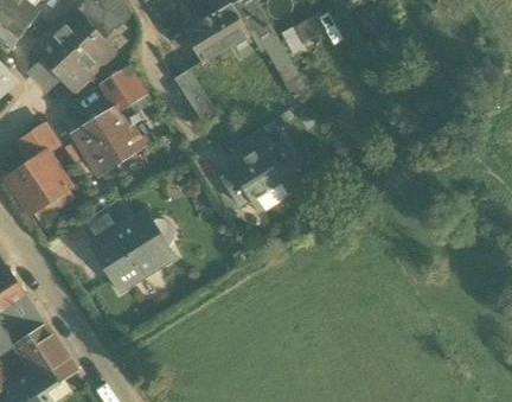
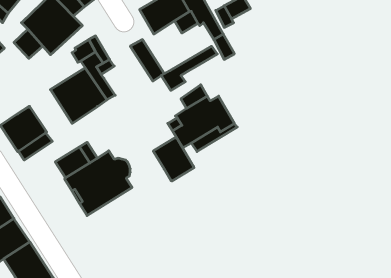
building: none -> [161,46,217,90]
building: [18,125,58,164] -> none
building: none -> [153,137,194,181]

